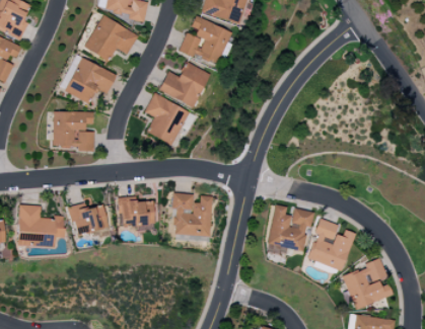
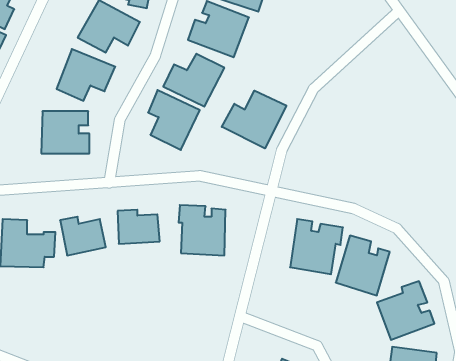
building: none -> [222,91,286,148]

